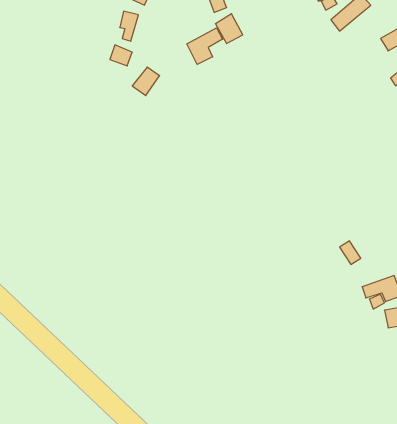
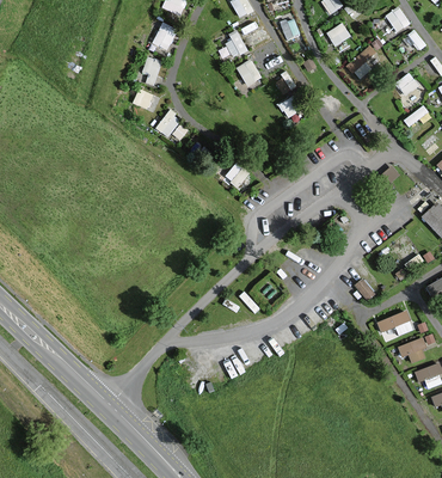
building: [187,28,223,64] -> none

